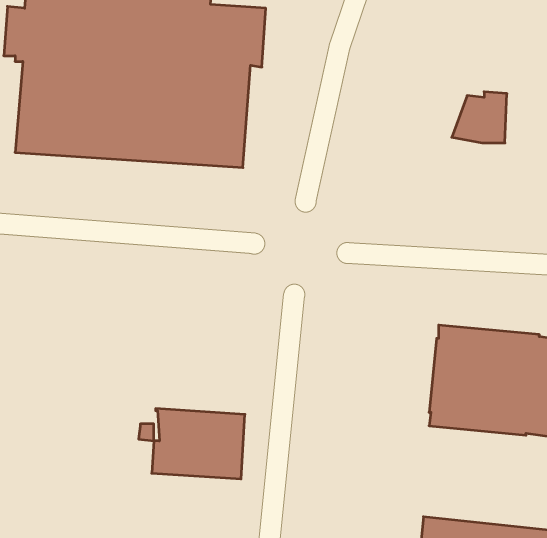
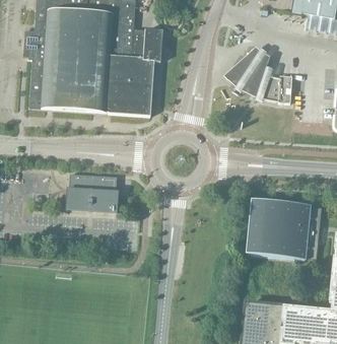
building: none -> [223,48,272,100]
building: [152,409,245,479] -> [67,173,117,210]

